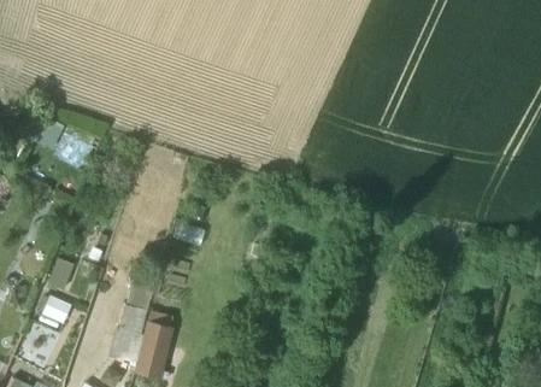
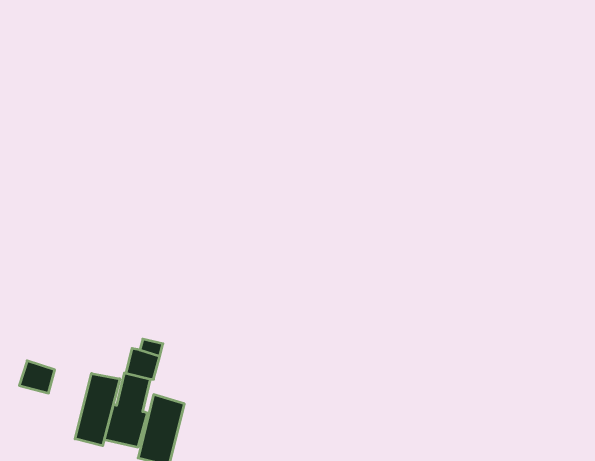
building: none -> [75,373,120,446]

